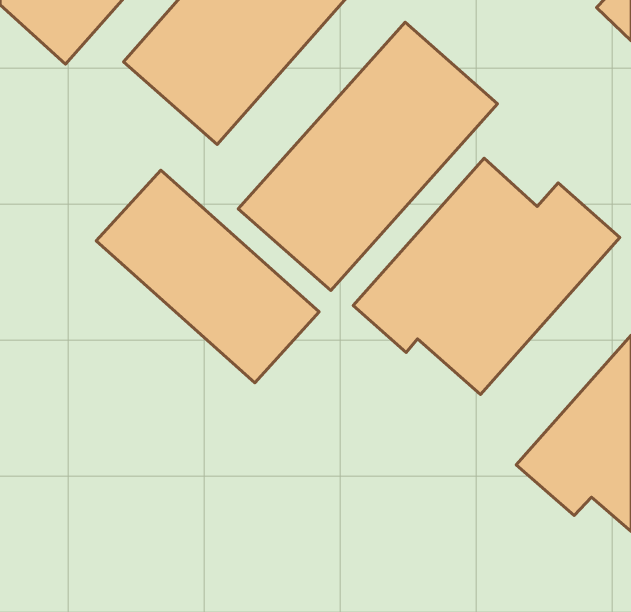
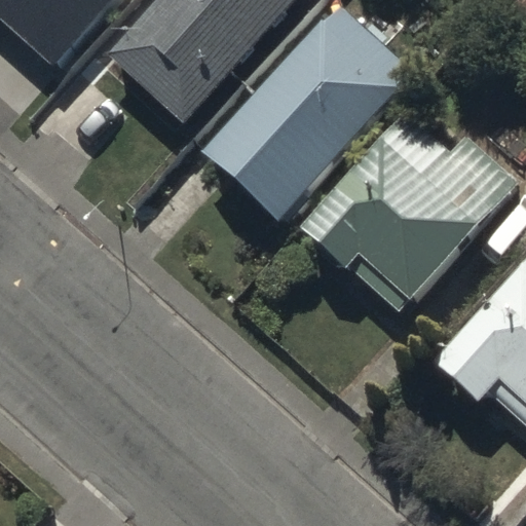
building: [96,170,319,383] -> none

